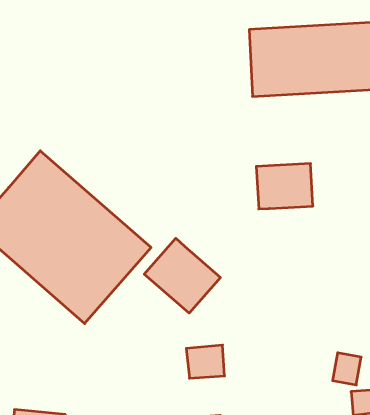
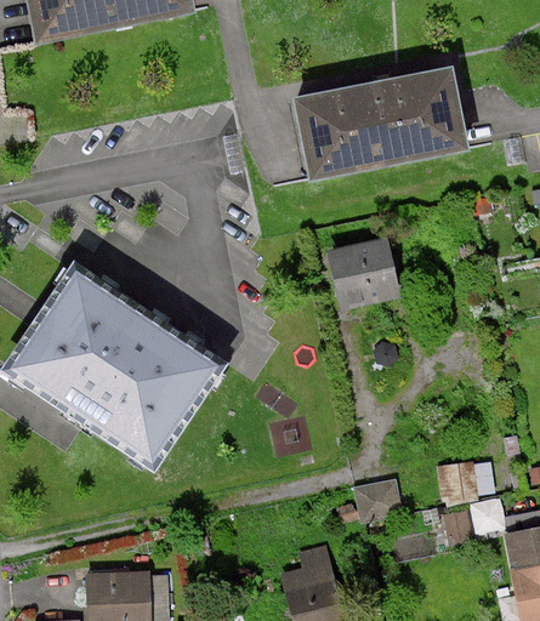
building: [144,238,220,313] -> none
building: [186,345,225,378] -> [353,472,402,515]

